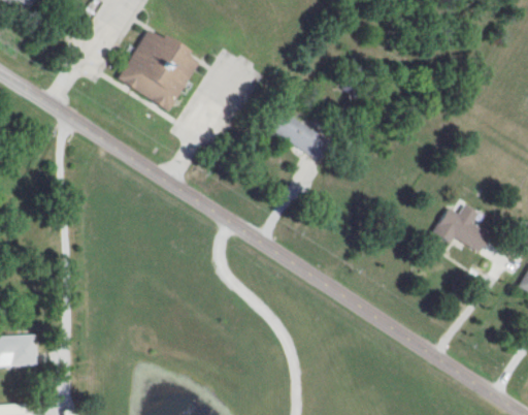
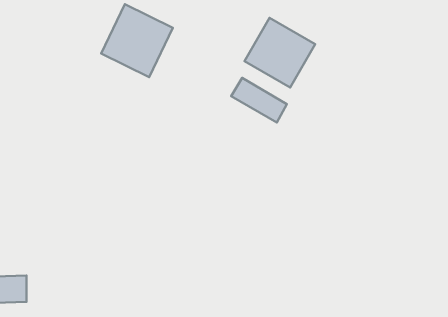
building: none -> [245,18,315,87]
building: [433,205,491,253] -> none

